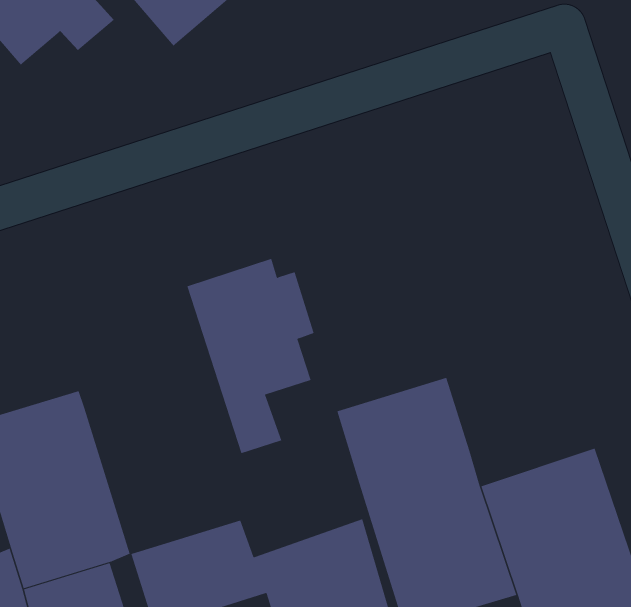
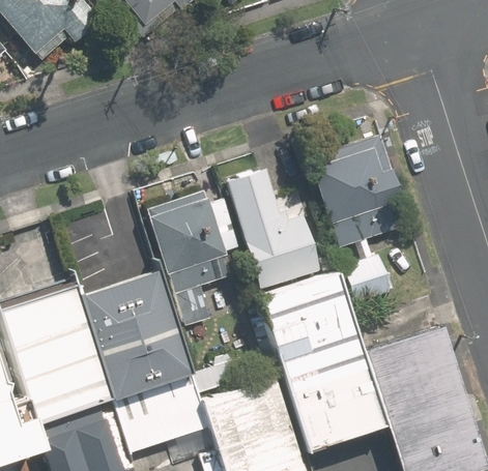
building: none -> [308,130,403,286]
building: none -> [222,153,333,288]
building: none -> [81,270,191,398]

